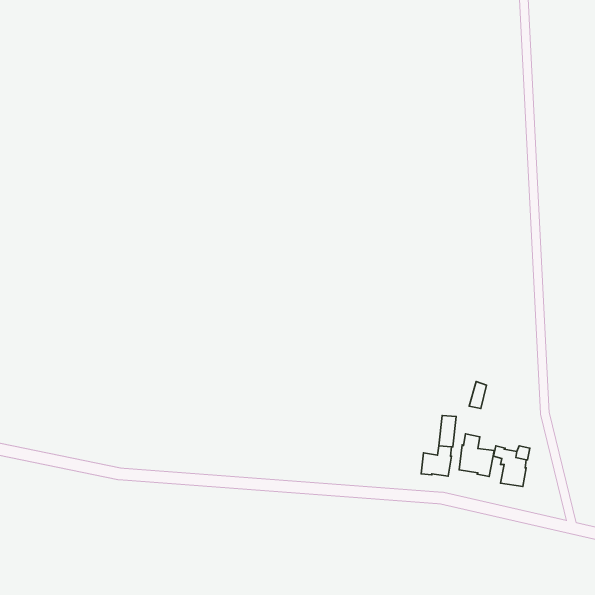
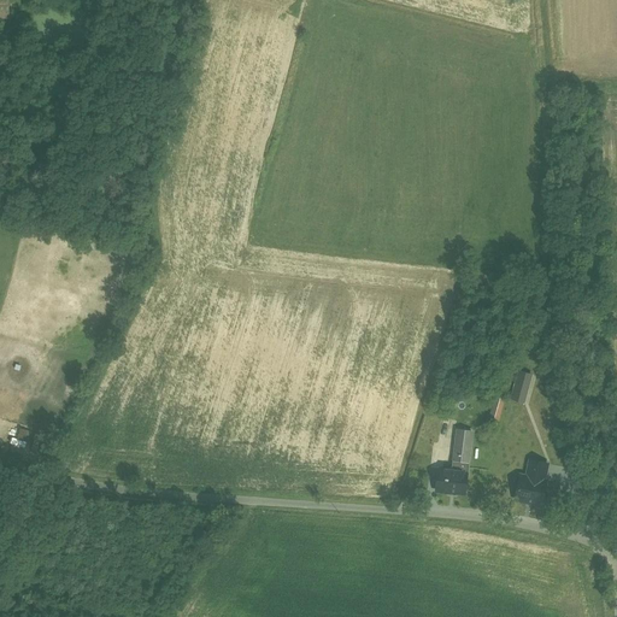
building: [459,434,494,476] -> none

